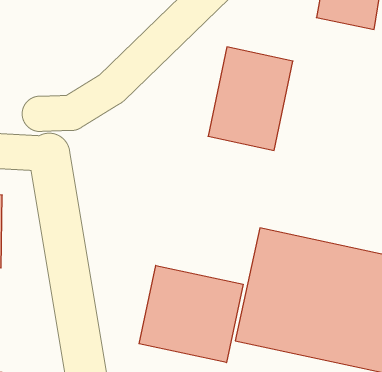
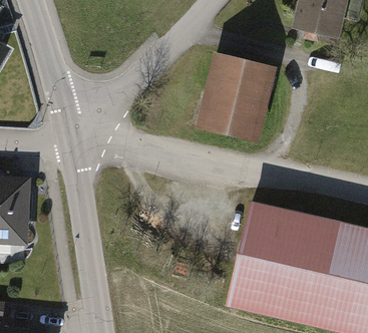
building: [139,265,243,363] -> none

